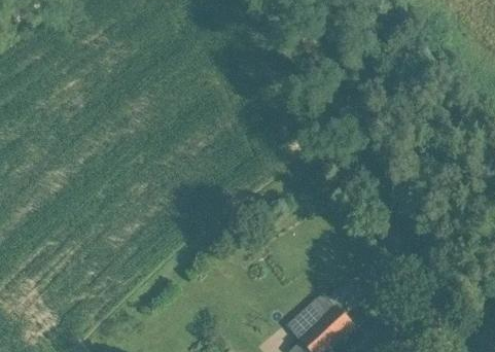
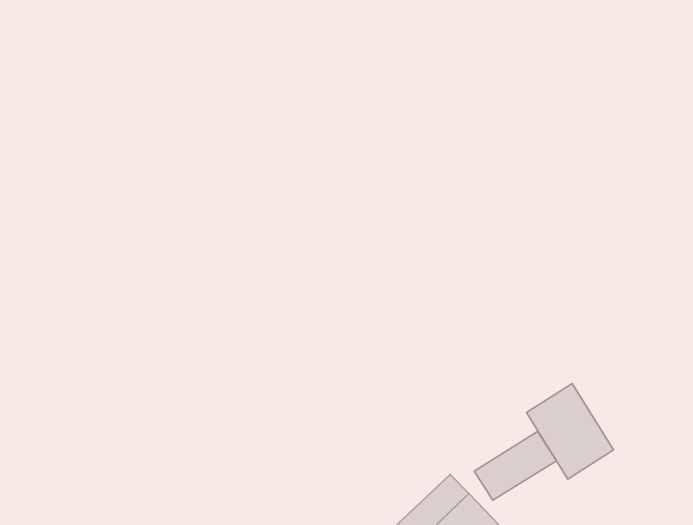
building: none -> [526,384,614,479]

